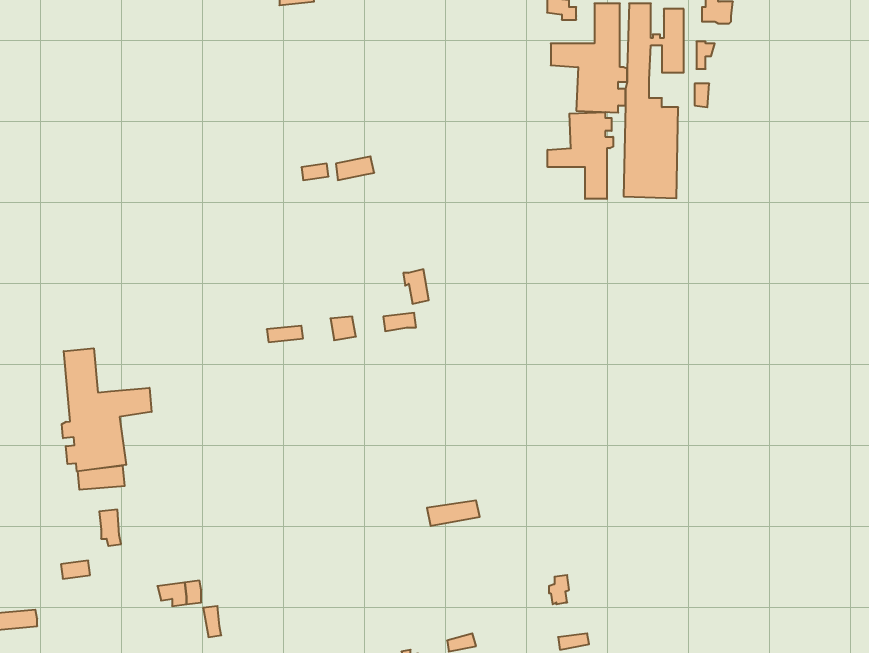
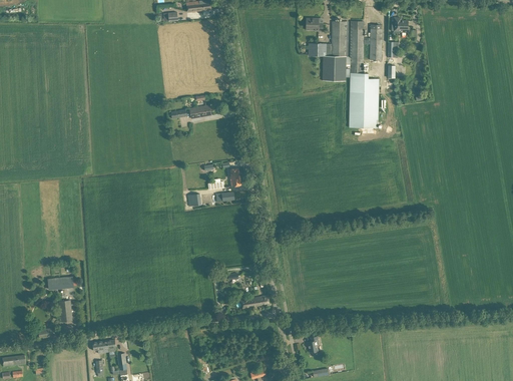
building: [548,112,613,199] -> none
building: [62,348,152,471] -> none

